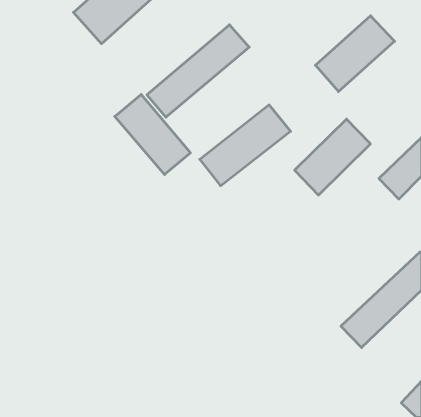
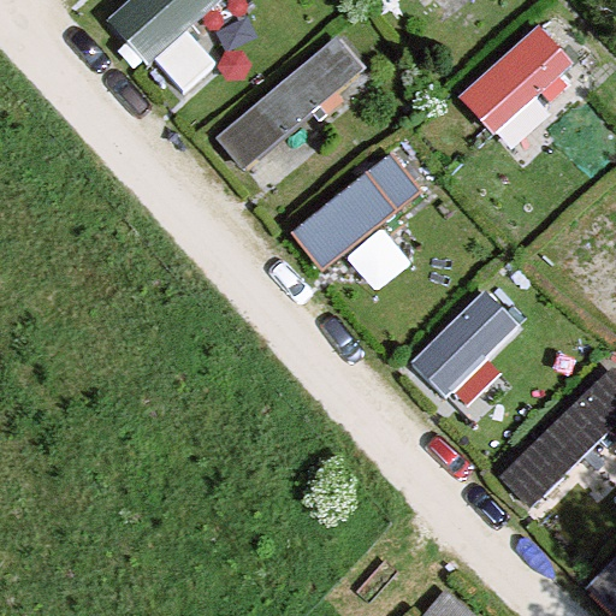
building: [115,94,190,175] -> none
building: [295,119,370,195] -> [410,288,521,398]

